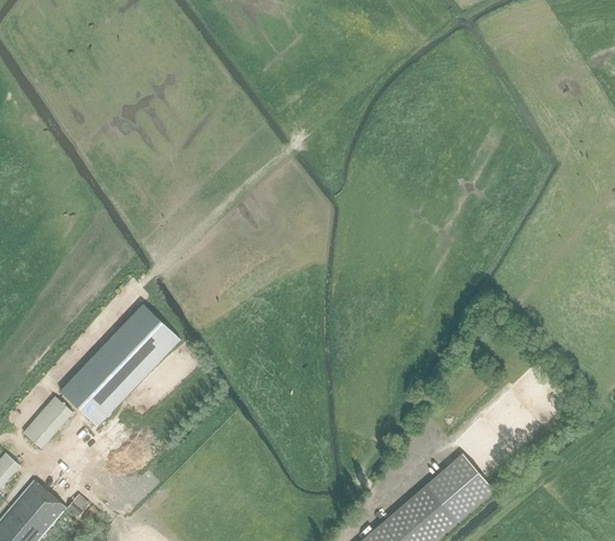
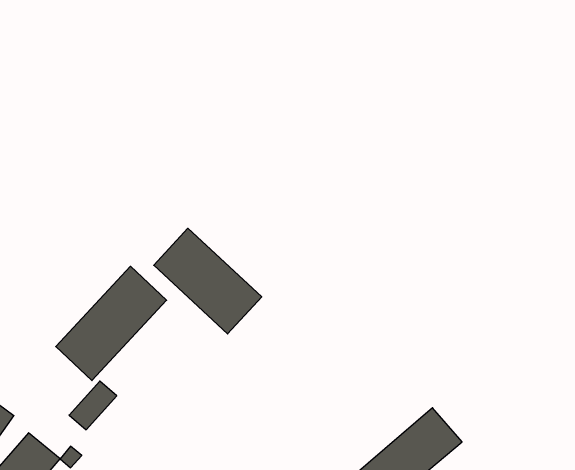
building: none -> [154,228,262,334]
building: [20,394,71,446] -> [69,381,117,430]

